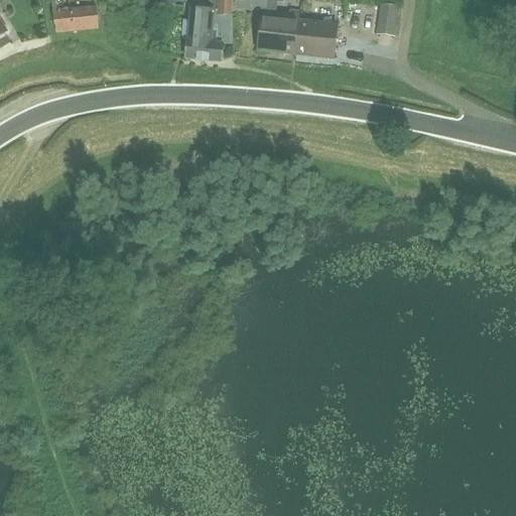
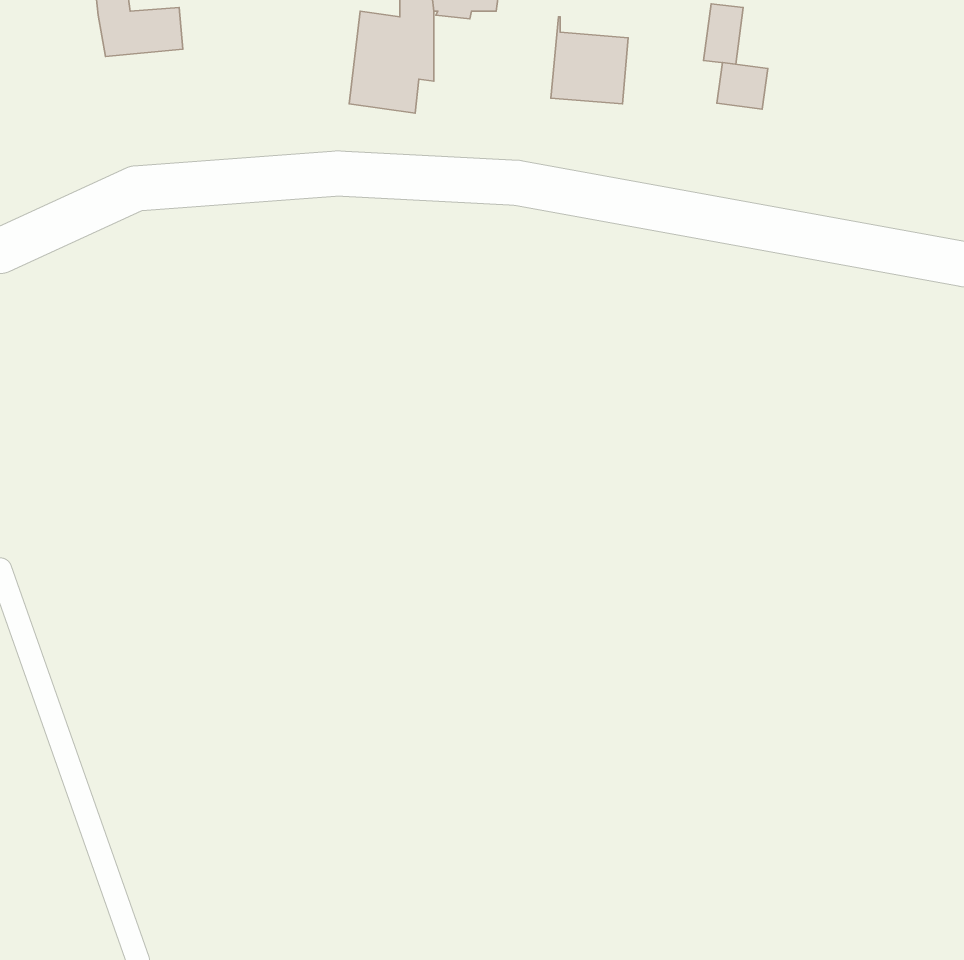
building: [257,8,298,52] -> none
building: none -> [717,63,768,109]

